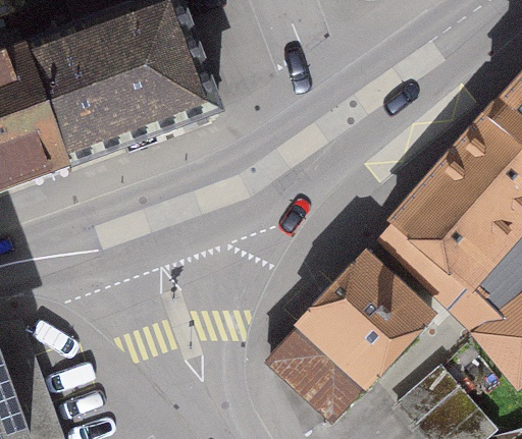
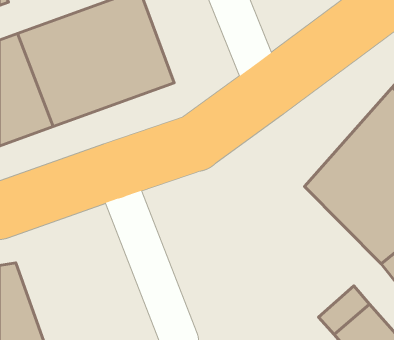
building: [272,249,435,419] -> none

